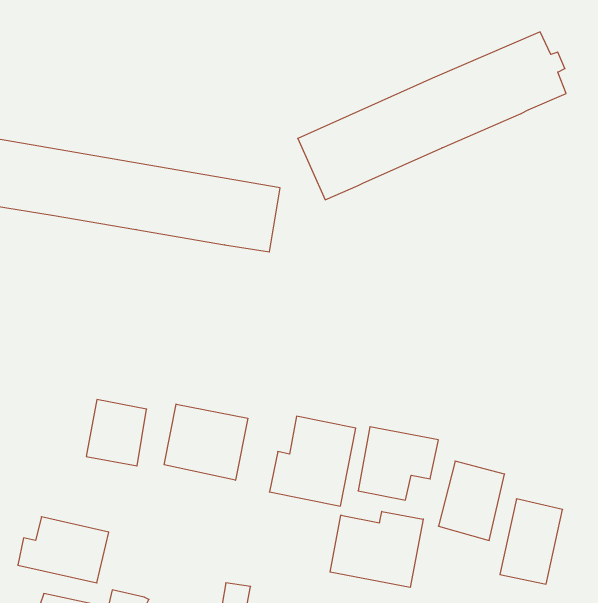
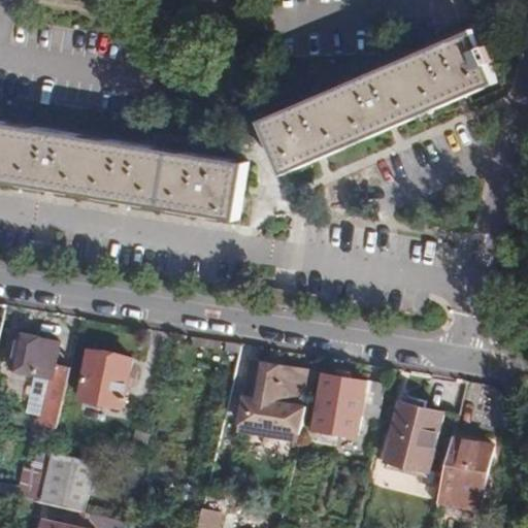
building: none -> [5,332,66,428]
building: [164,404,248,480] -> none
building: [330,511,423,587] -> none

